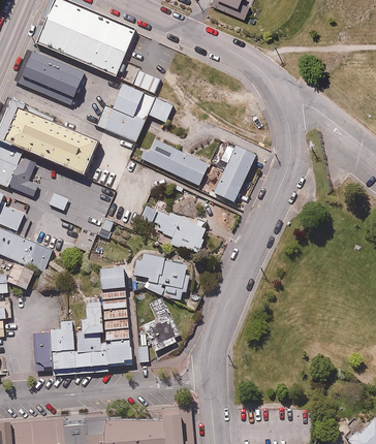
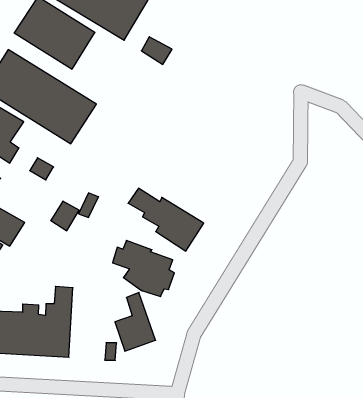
building: [93,80,173,142] -> none
building: [143,139,209,188] -> none
building: [213,145,256,202] -> none
building: [99,265,132,363] -> none

